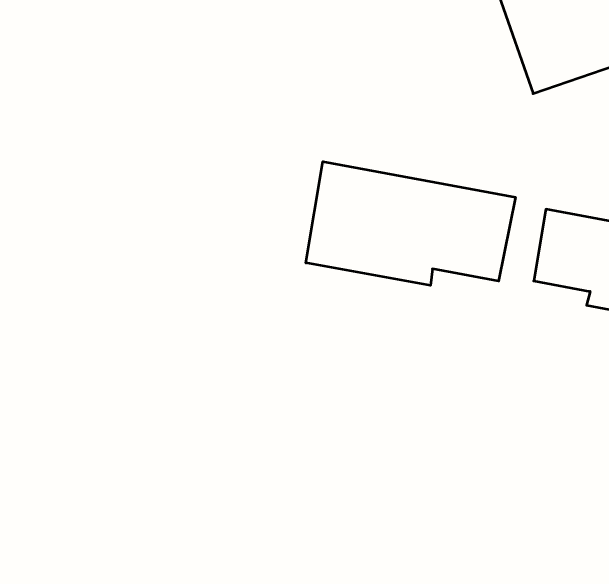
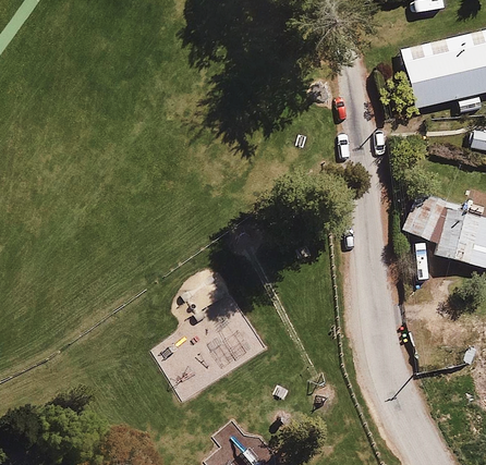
building: [306,162,515,285] -> none

